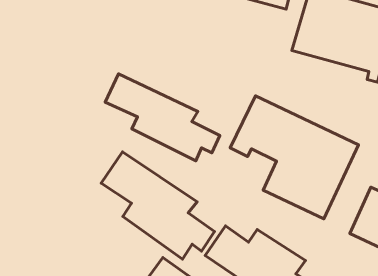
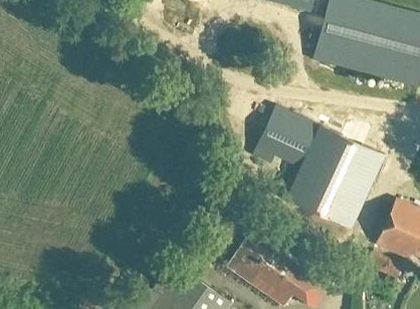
building: [105,74,220,161] -> none
building: [101,152,215,259] -> none

